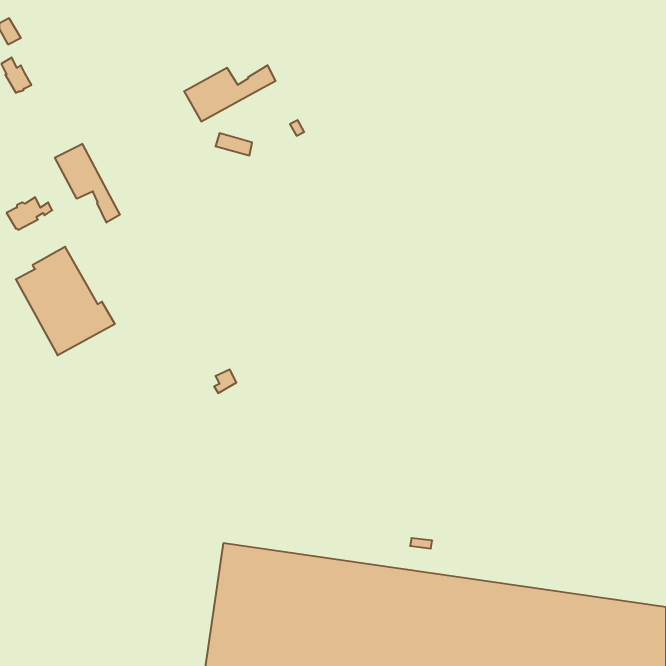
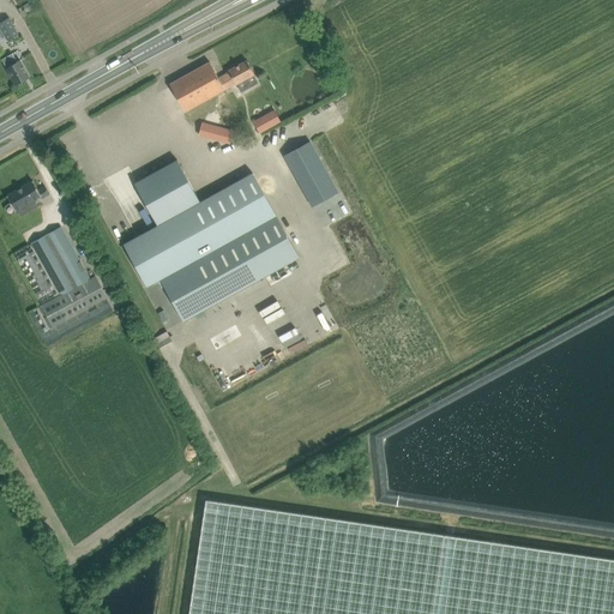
building: [55,144,120,223] -> none
building: none -> [282,142,338,199]
building: none -> [122,161,299,321]

